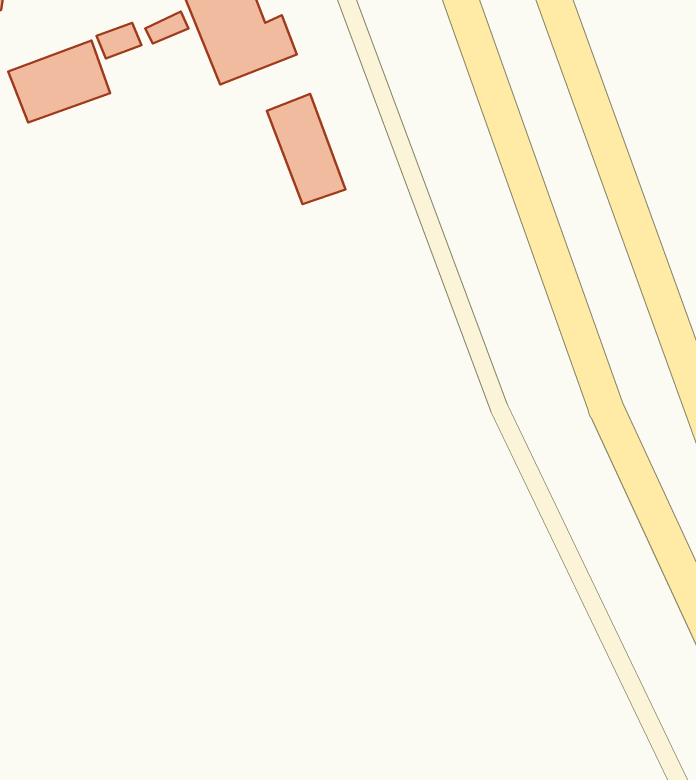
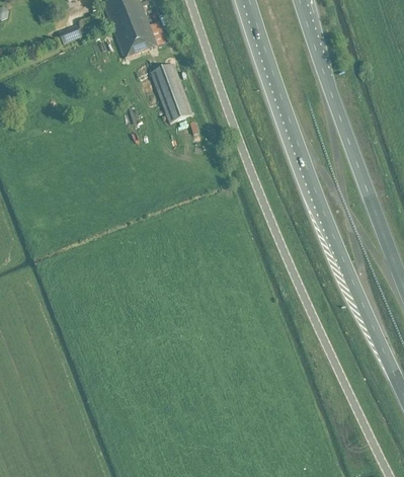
building: [8,41,110,123] -> none

